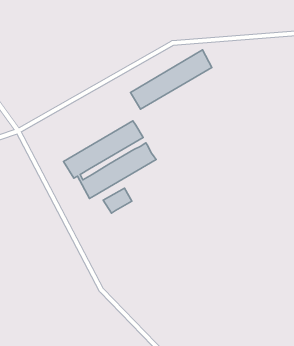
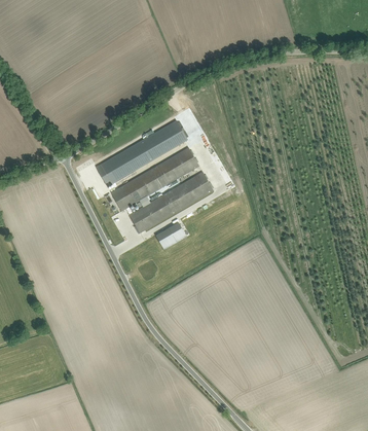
building: [130,50,212,109] -> [96,120,186,186]

